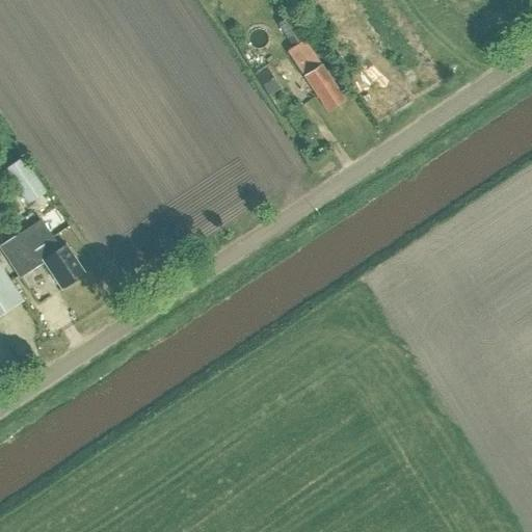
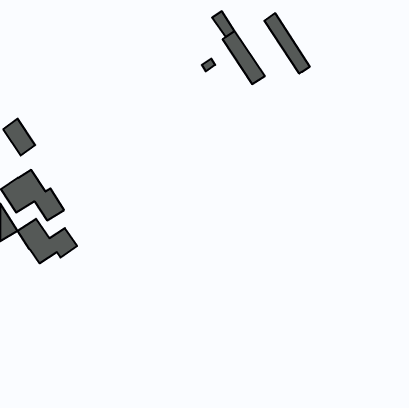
building: none -> [264,13,310,74]
building: none -> [18,219,77,263]

